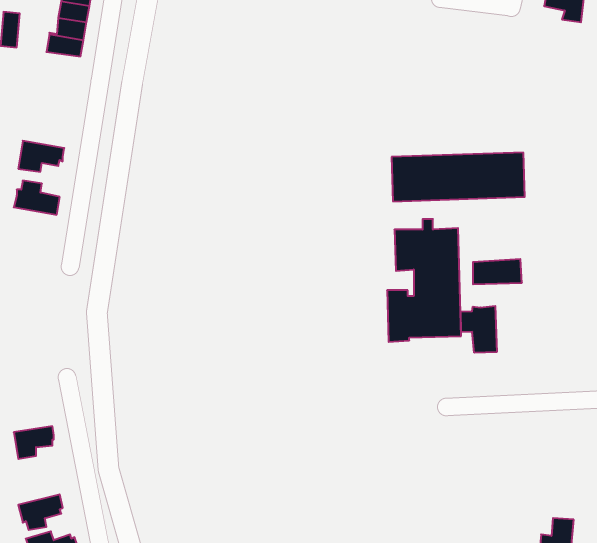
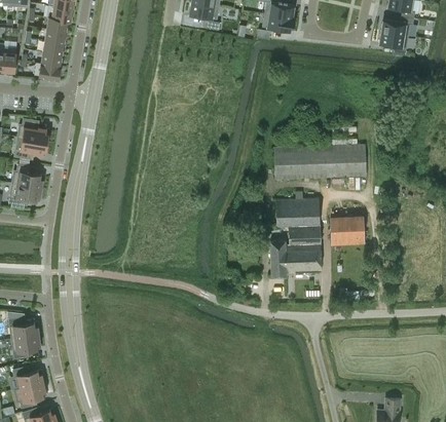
building: none -> [17,118,48,142]
building: none -> [8,183,41,204]
building: [461,306,497,353] -> none
building: none -> [9,317,38,339]
building: none -> [12,367,43,389]

